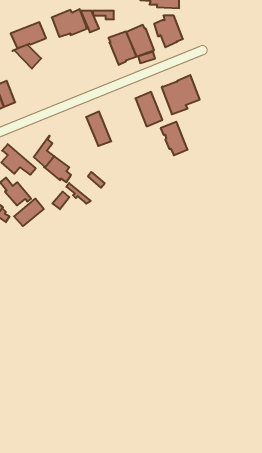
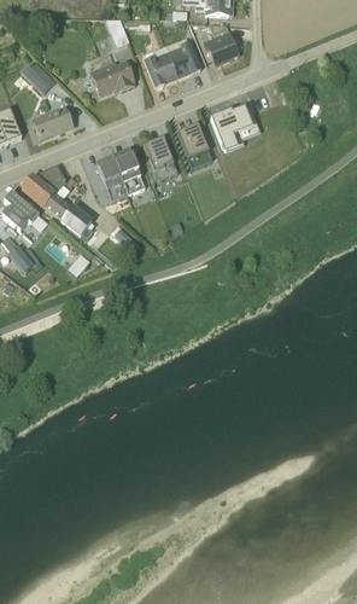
building: [52,9,87,37] -> [89,59,135,95]
building: [11,22,46,48] -> [28,106,74,140]
building: none -> [95,156,128,201]
building: [161,122,188,155] -> [142,135,177,179]
building: none -> [22,165,65,208]
building: [14,199,44,226] -> none

